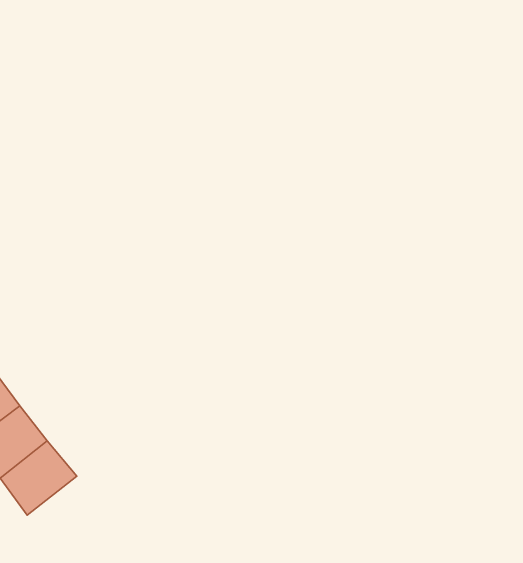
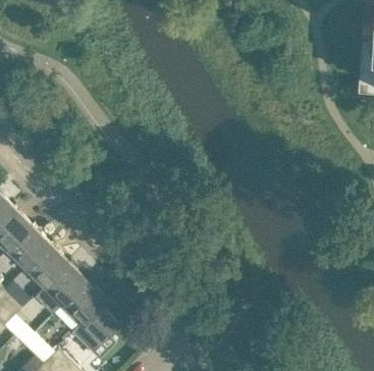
building: none -> [81,301,123,343]

